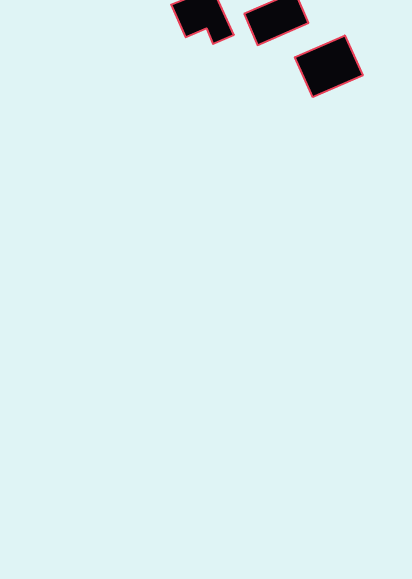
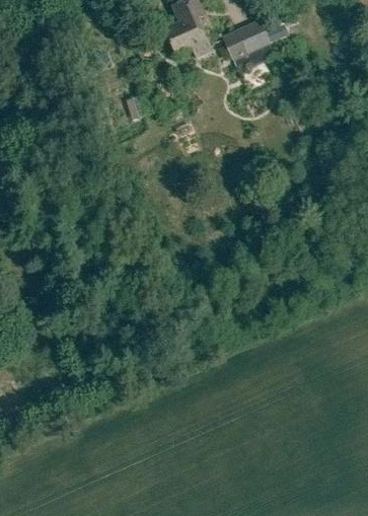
building: [295,35,363,97] -> none

